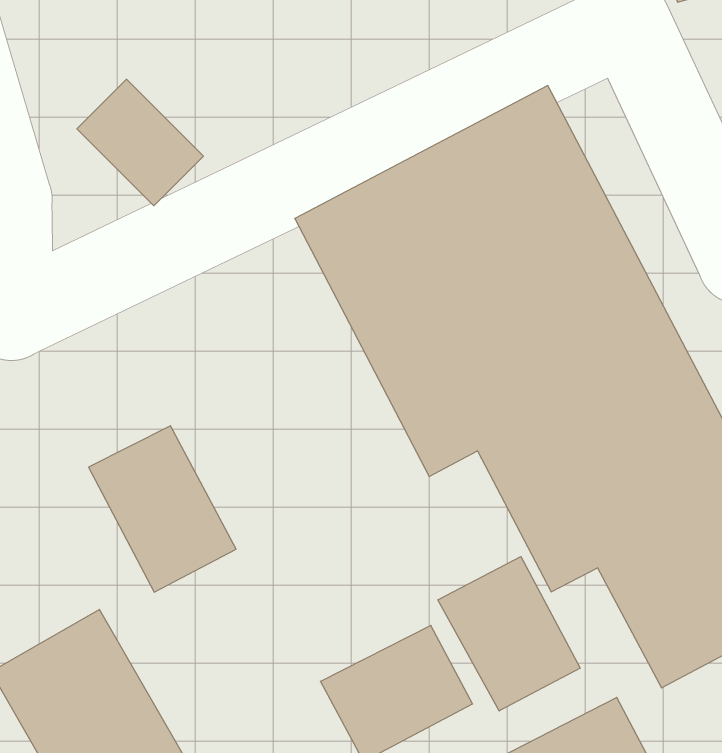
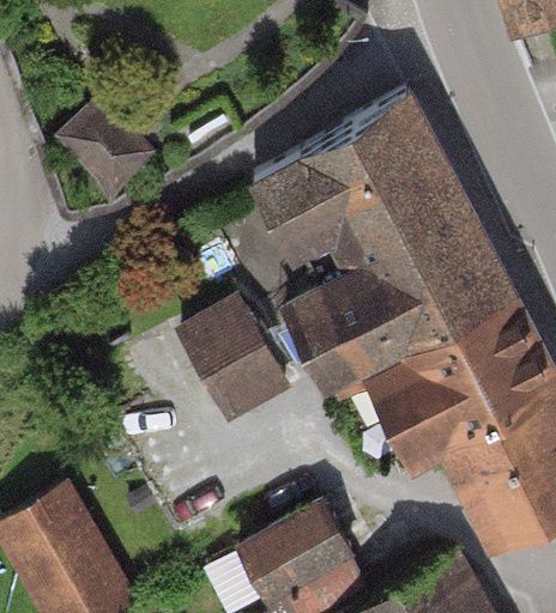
building: [89,426,236,592] -> [183,303,294,427]
building: [438,557,580,711] -> none

